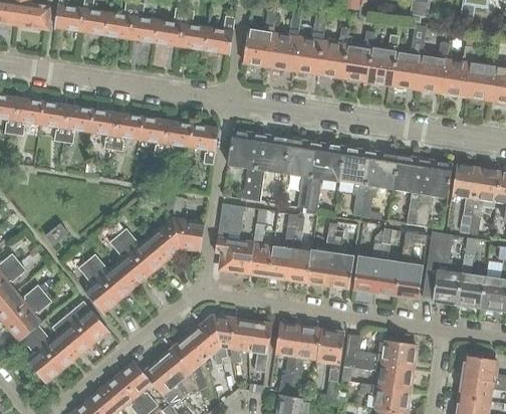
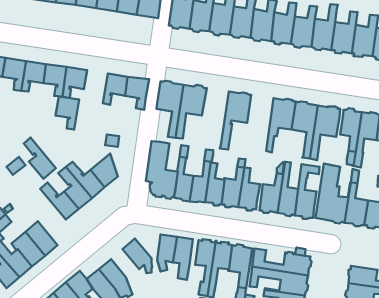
building: [140,117,169,157] -> [55,96,79,129]
building: [283,138,316,208] -> none
building: [338,147,370,215] -> none
building: [172,218,204,249] -> none
building: [78,261,117,312] -> [24,138,56,179]
building: [202,314,233,357] -> none
building: [173,335,208,390] -> none

